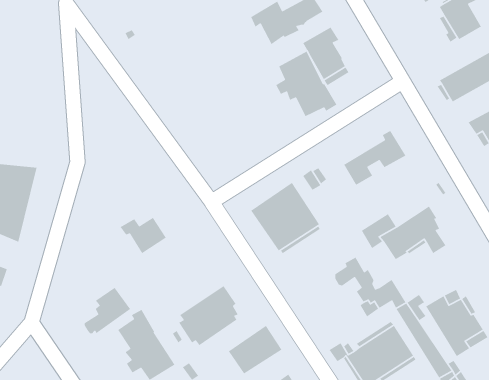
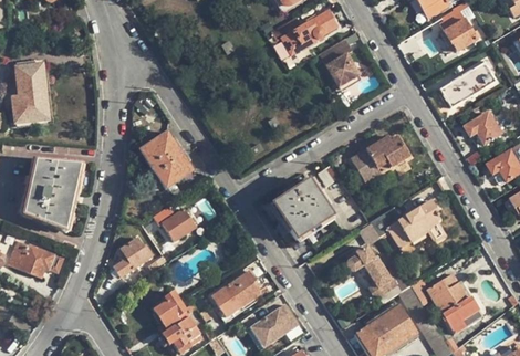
building: [275,51,337,117] -> none
building: none -> [139,130,195,190]
building: [84,287,131,334] -> [111,237,153,279]

